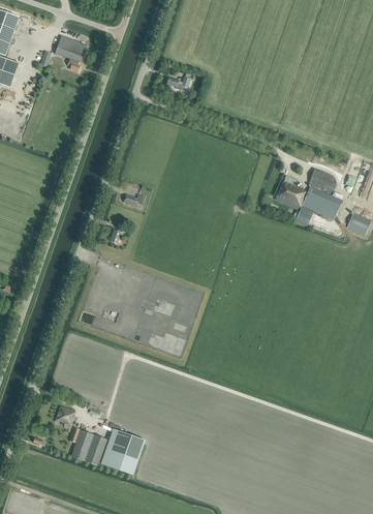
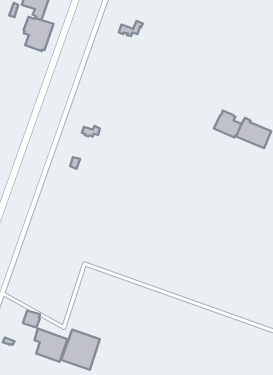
building: none -> [24,17,53,51]
building: [308,169,335,193] -> none

